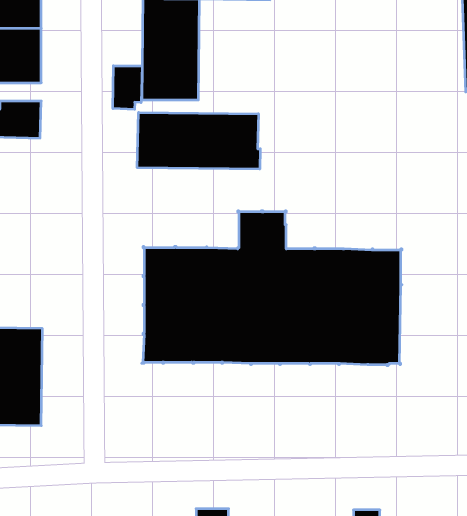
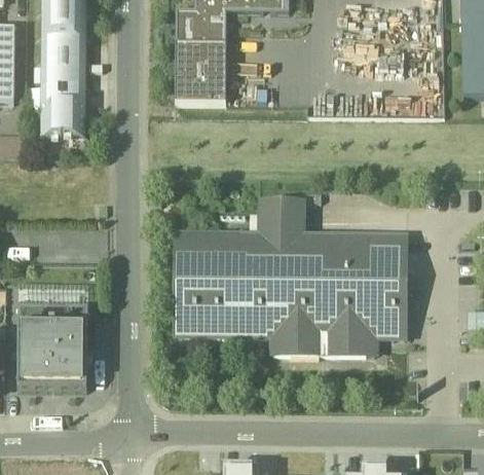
building: [113,66,142,109] -> none
building: [137,112,260,169] -> none
building: none -> [272,335,375,353]

